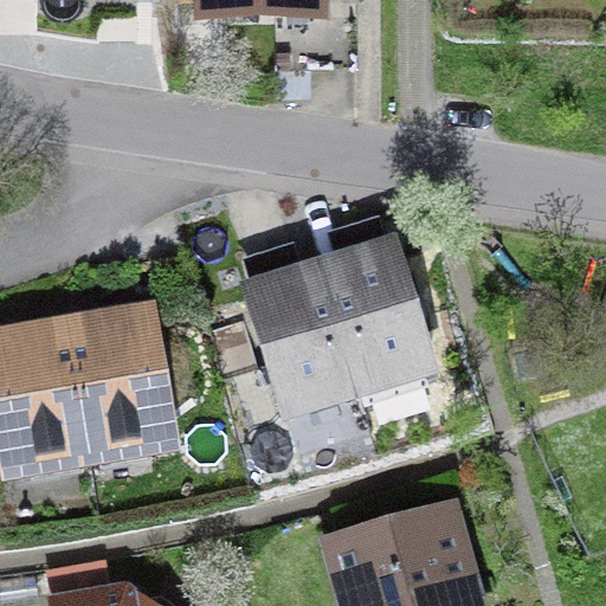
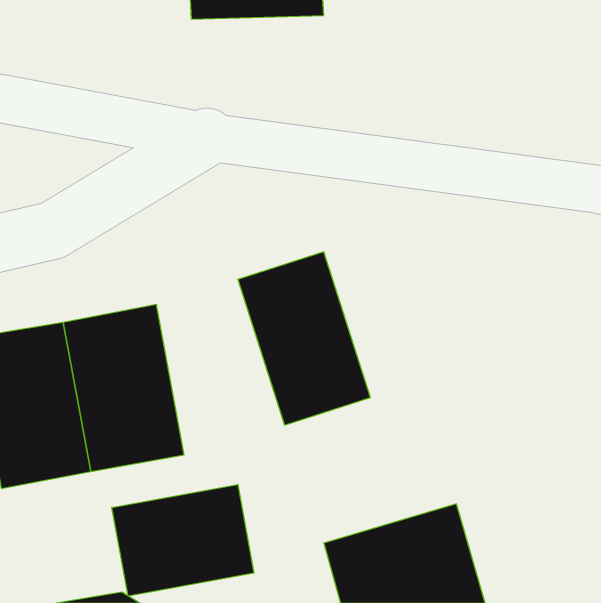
building: [321,225,445,394] -> none
building: none -> [112,484,254,596]

